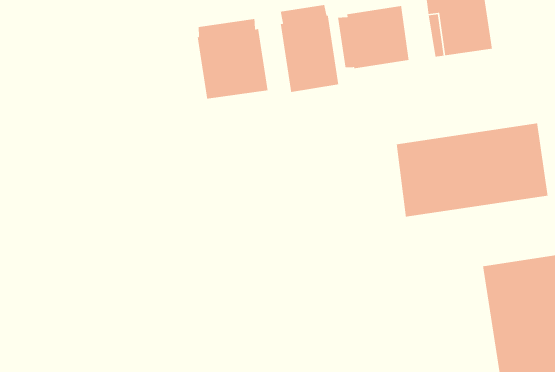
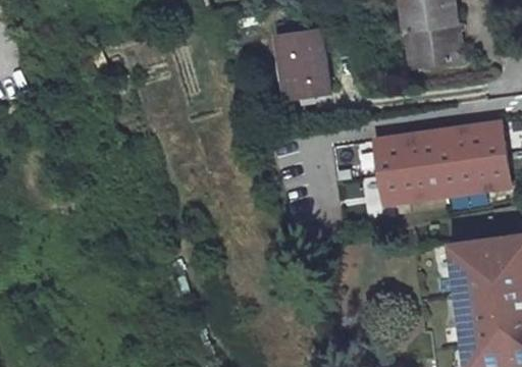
building: [337,5,409,69] -> none
building: [197,18,268,99] -> none

